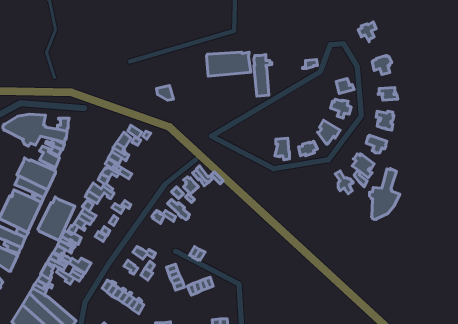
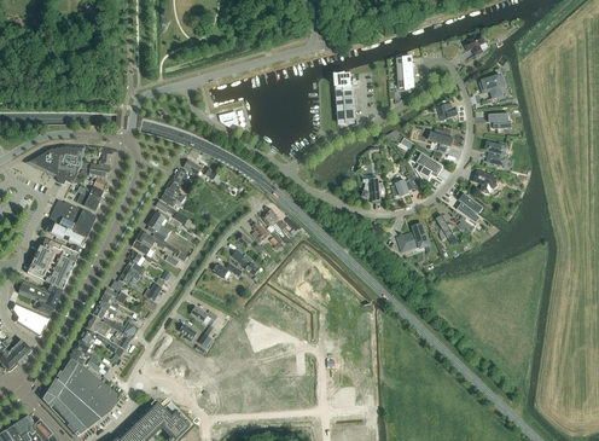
building: [206,52,251,76] -> none
building: [369,169,400,220] -> none
building: none -> [399,222,434,253]
building: [38,197,75,241] -> none

